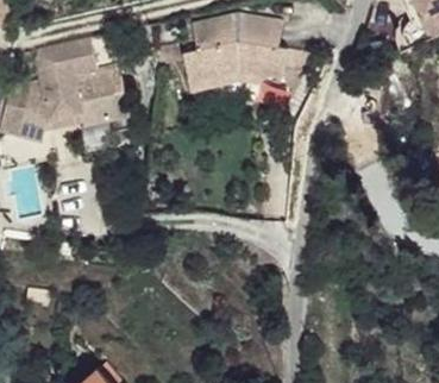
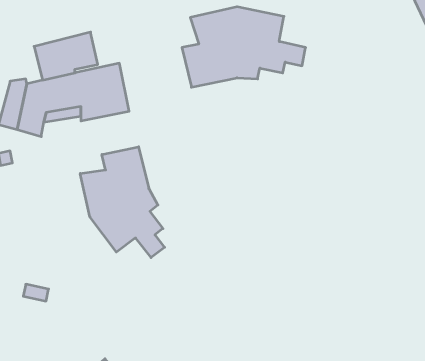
building: none -> [80,147,165,258]

